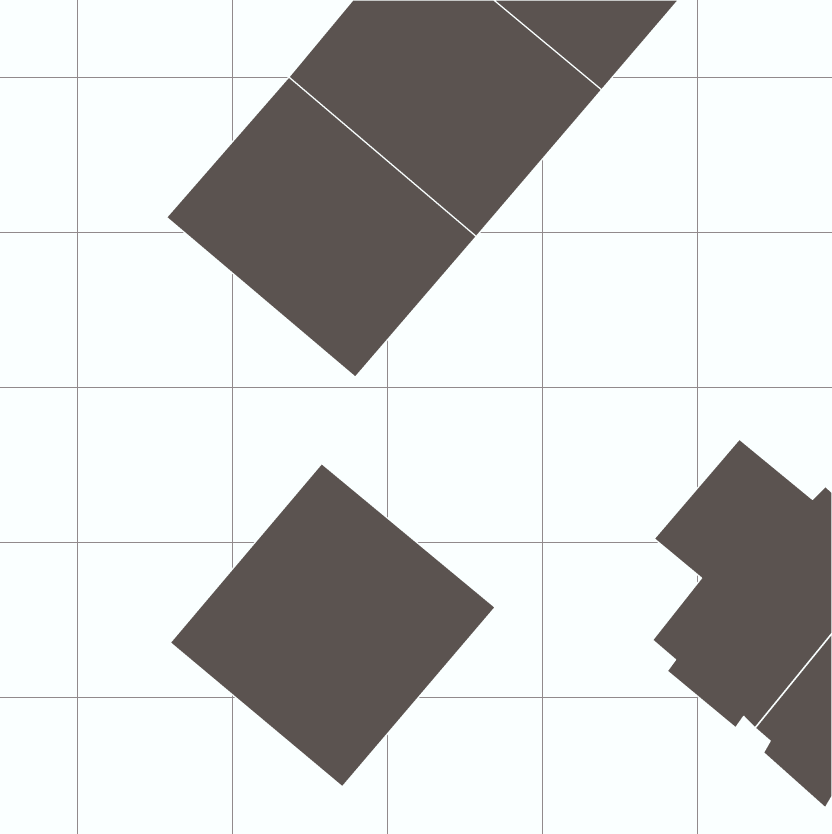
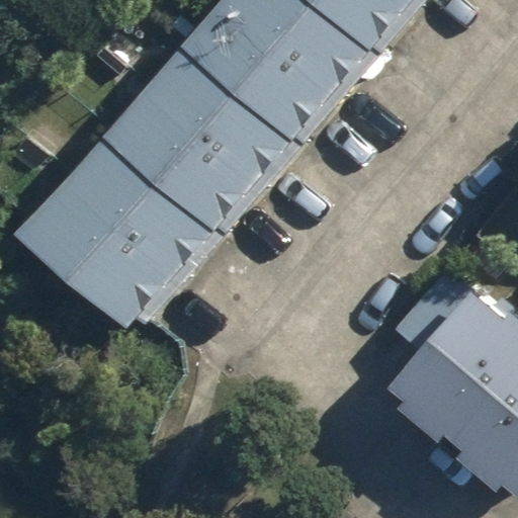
building: none -> [16,135,221,336]
building: [170,463,495,787] -> none

